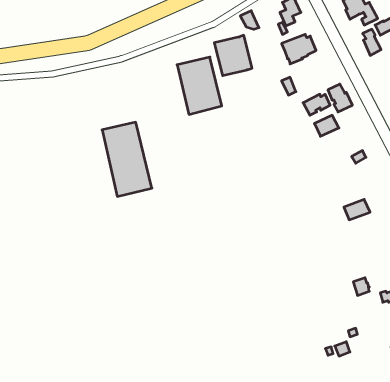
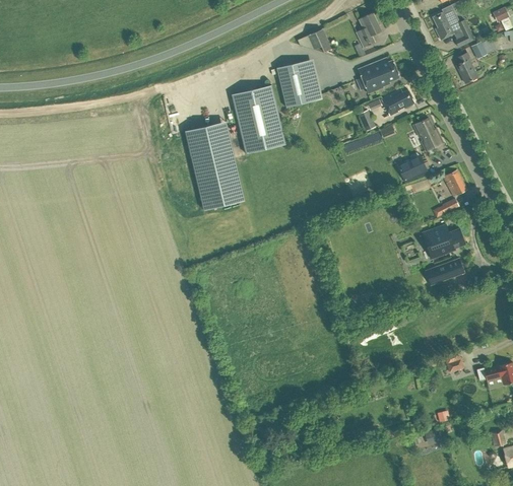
building: [303,94,330,115] -> [381,89,413,115]
building: [102,122,152,196] -> [188,124,248,213]
building: none -> [443,169,467,197]
building: none -> [421,224,464,259]

